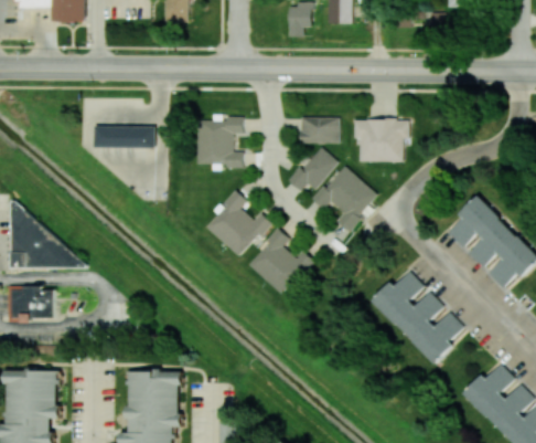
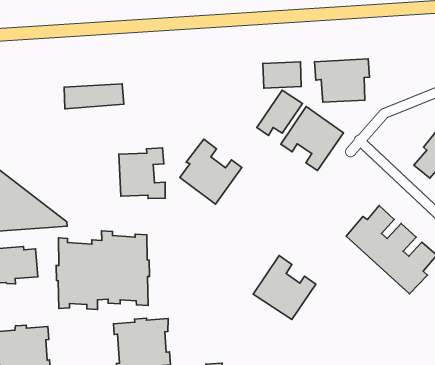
building: [196,117,243,169] -> [119,148,165,198]
building: [247,229,312,295] -> [253,256,316,319]
building: none -> [56,231,149,309]

